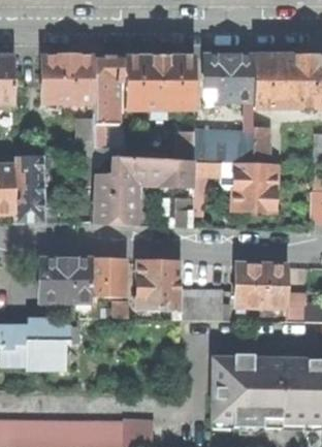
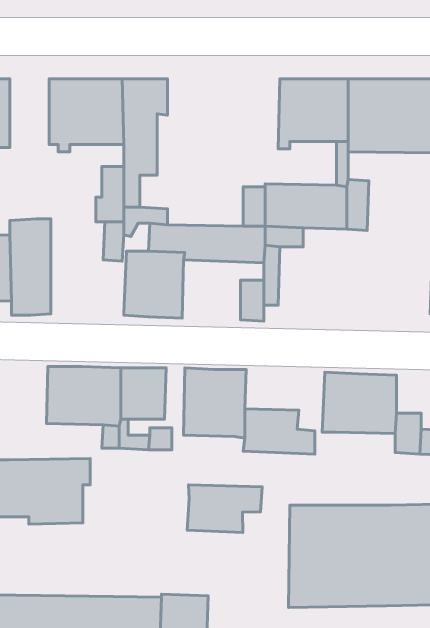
building: [125,56,195,119] -> none
building: [232,165,276,211] -> none
building: none -> [187,485,262,532]

